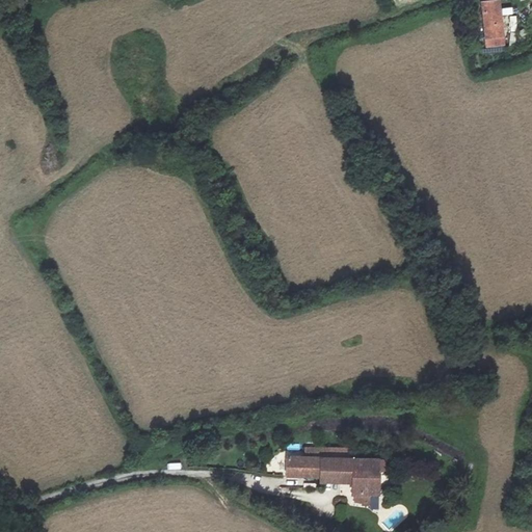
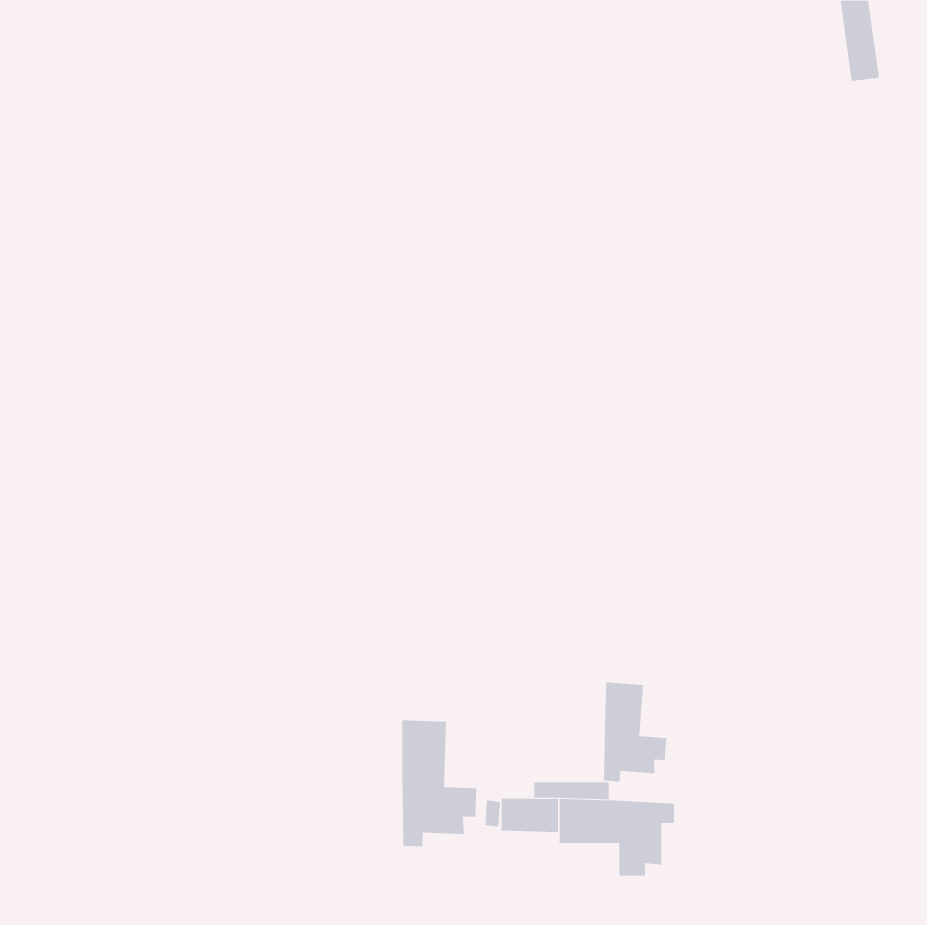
building: none -> [603,682,667,782]
building: none -> [402,719,477,847]

